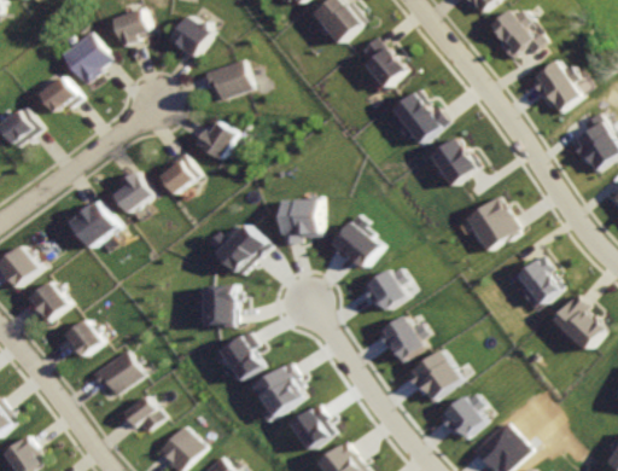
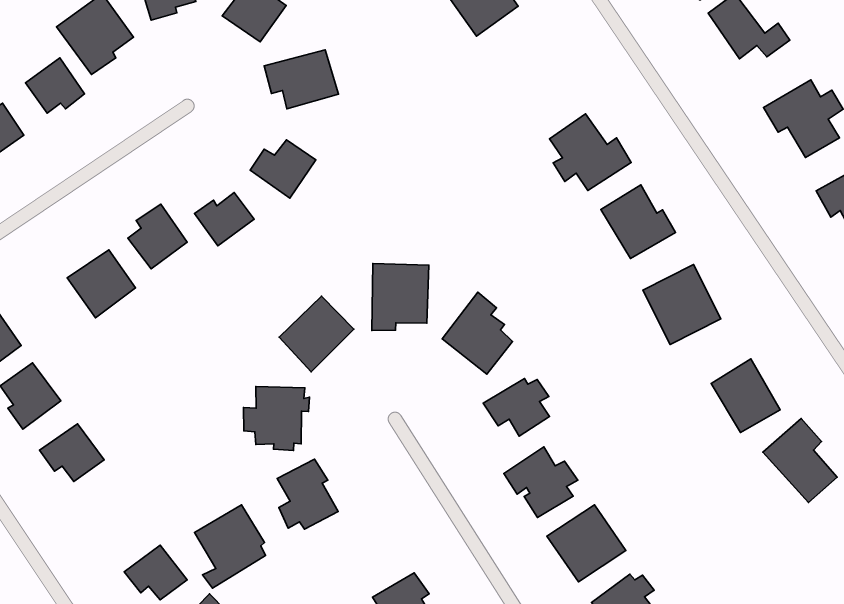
building: [358,39,406,91] -> none
building: [95,354,142,397] -> none
building: [255,365,303,421] -> [195,505,266,588]

